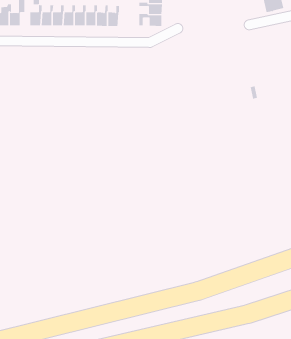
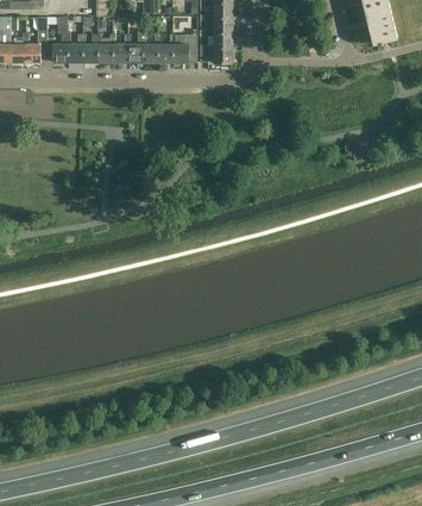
building: none -> [171,35,195,63]

